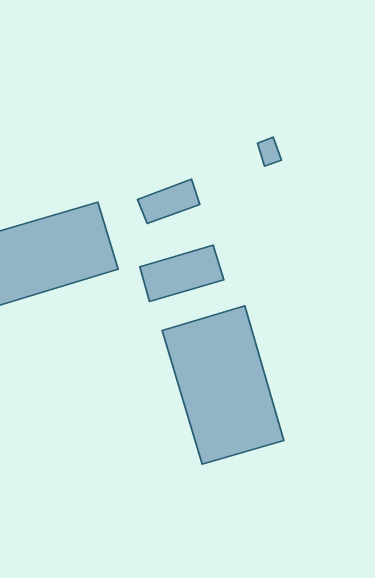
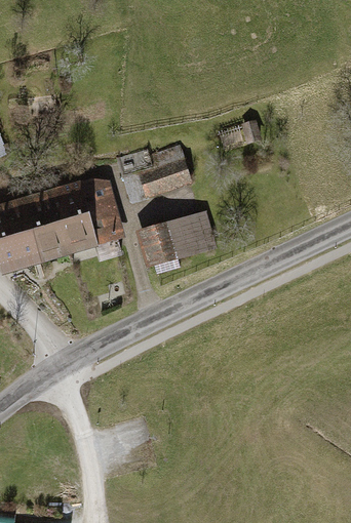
building: [162,306,284,464] -> none

